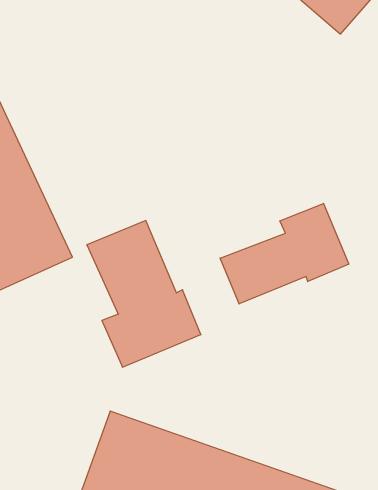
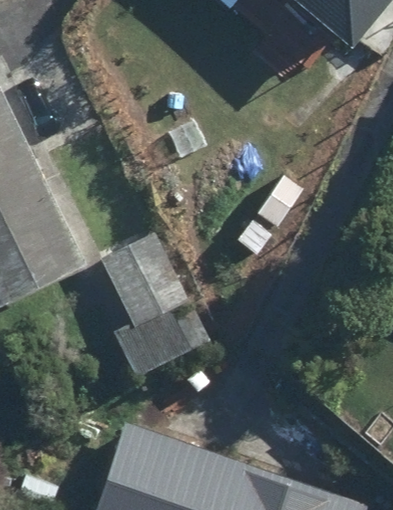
building: [220,203,349,304] -> none

